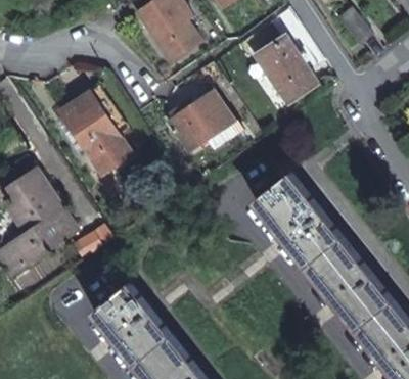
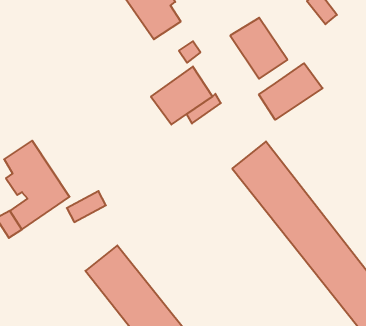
building: none -> [259,63,323,120]
building: [57,90,133,176] -> none

